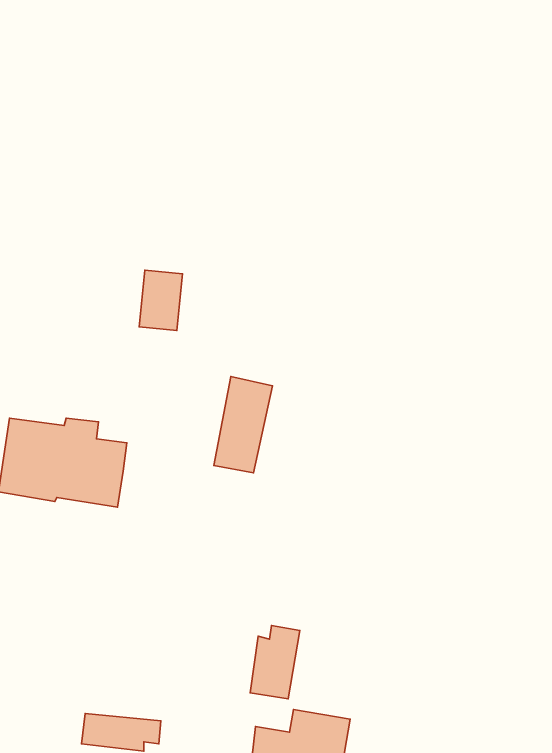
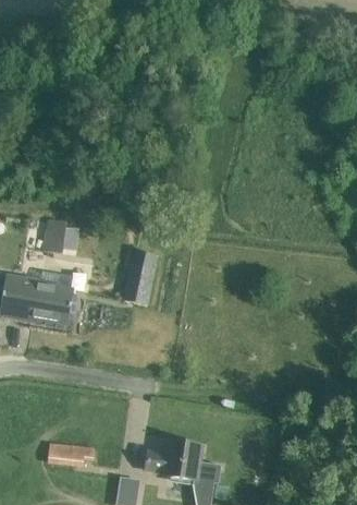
building: [139,270,183,331] -> [42,217,67,252]
building: [250,625,300,699] -> none

